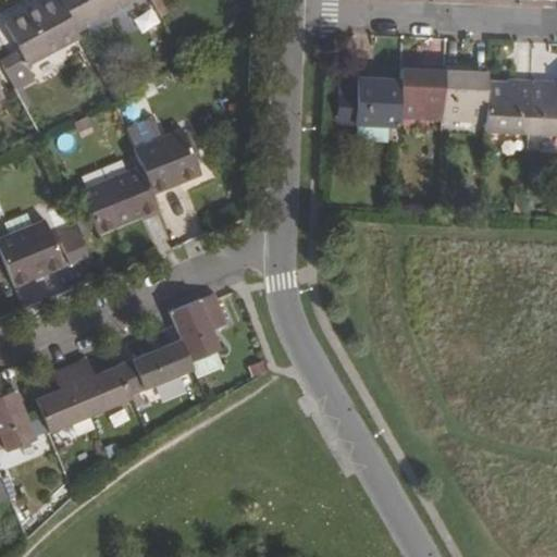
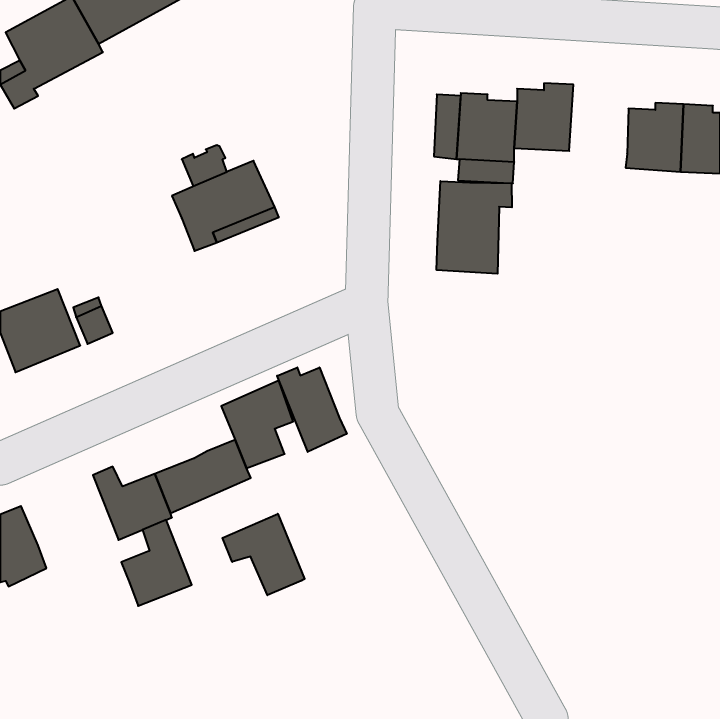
building: [440,65,486,119] -> none
building: none -> [437,181,512,274]
building: [79,169,157,234] -> none
building: none -> [277,367,347,452]
building: [37,367,91,433] -> [121,520,192,606]
building: none -> [222,514,305,595]

